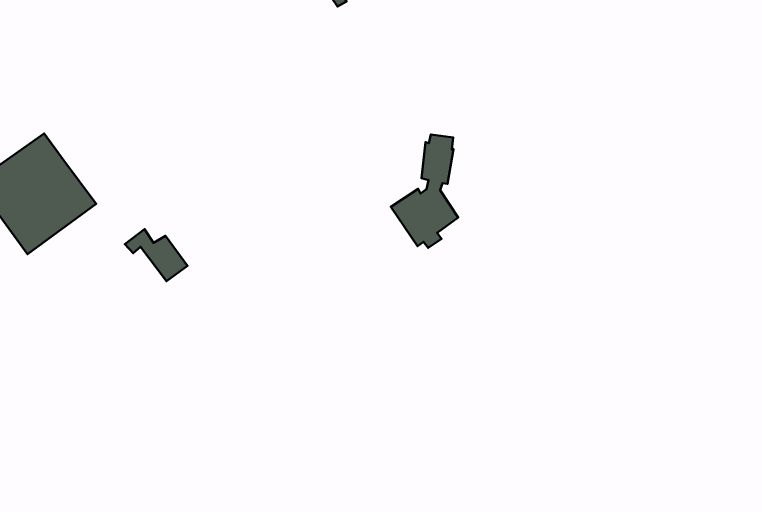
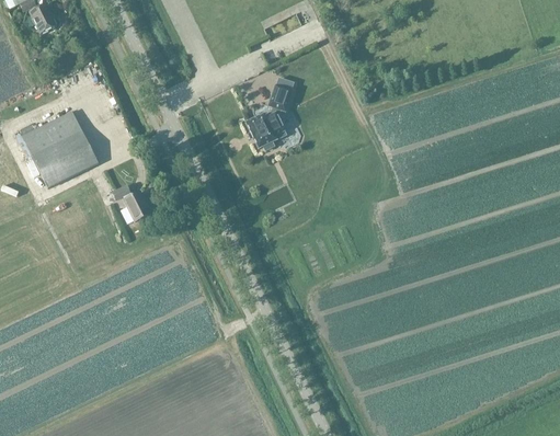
building: [391,134,458,248] -> [245,74,294,148]

